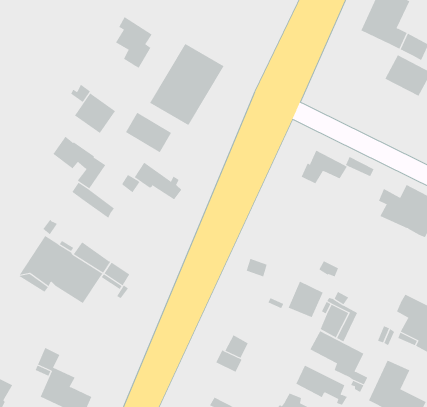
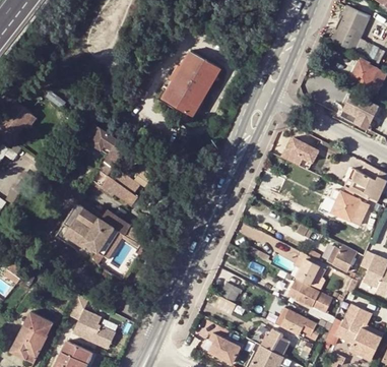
building: [115,16,153,68] -> none
building: [74,93,116,134] -> none
building: none -> [337,91,378,129]
building: [125,112,172,153] -> none
building: [134,162,182,200] -> [99,175,137,205]
building: none -> [330,189,376,227]
building: none -> [327,245,357,271]

